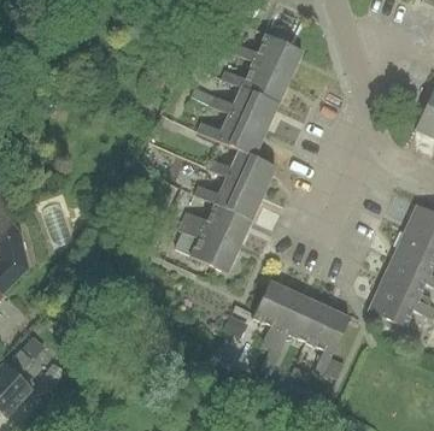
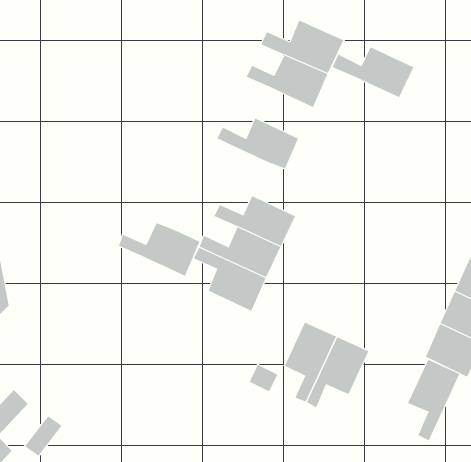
building: [210,88,277,130] -> [332,47,414,98]
building: [207,149,275,194] -> [118,222,200,277]
building: [306,305,350,372] -> [407,359,460,441]

